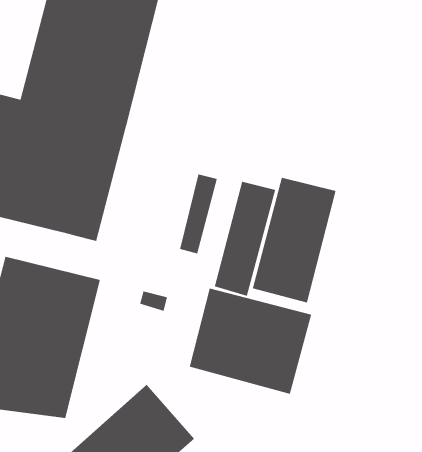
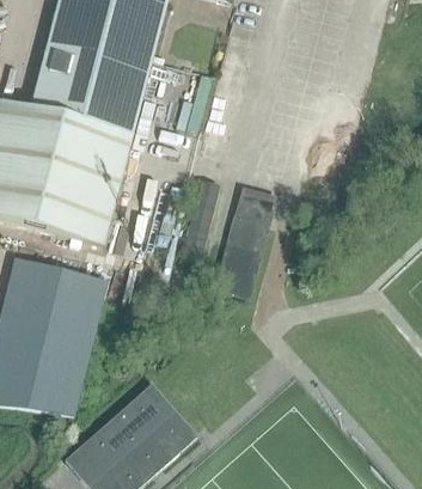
building: [252,177,336,303] -> none
building: [189,288,312,395] -> none

